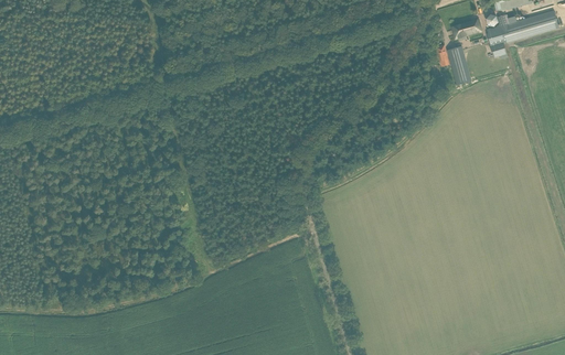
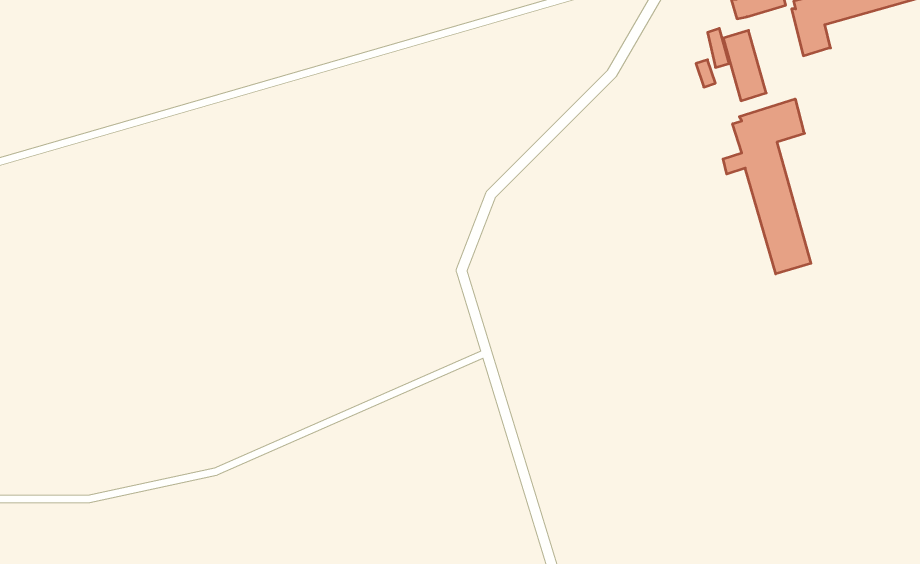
building: none -> [723,99,811,274]

